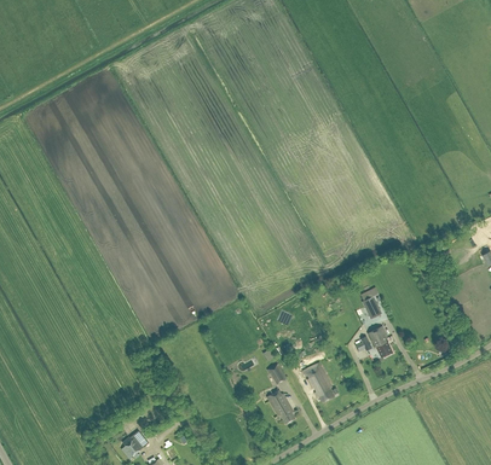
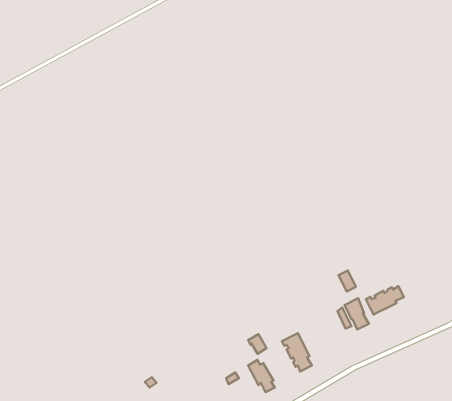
building: none -> [366,286,404,314]

